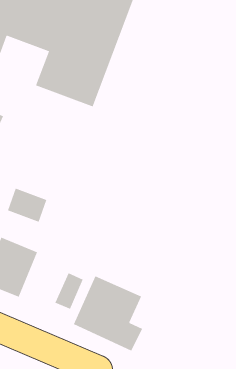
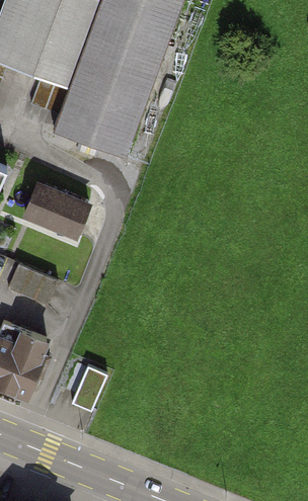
building: none -> [23,180,93,238]
building: [73,275,143,351] -> none

